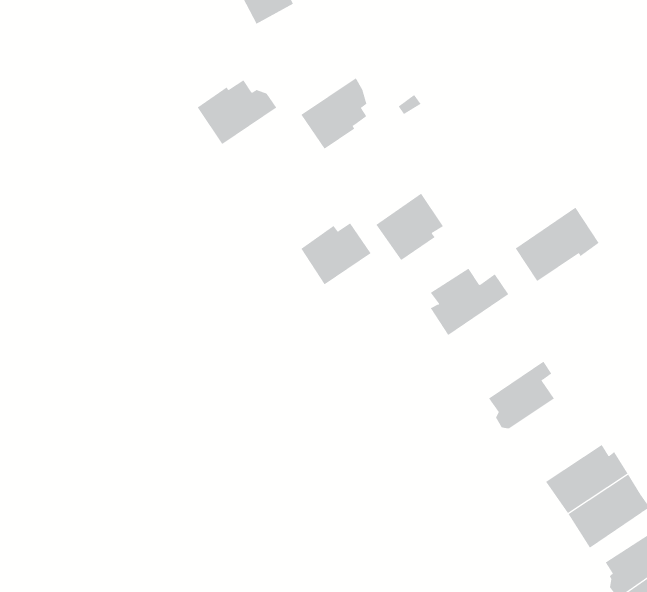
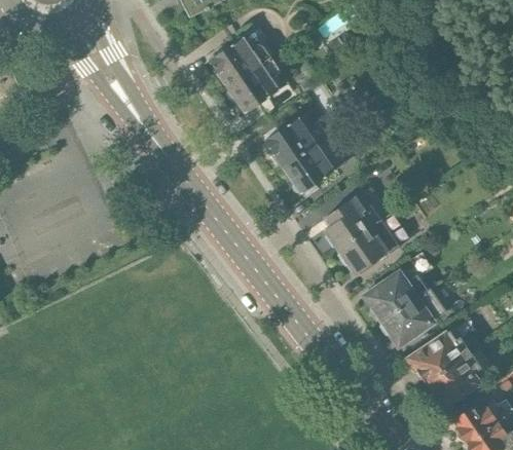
building: [197,80,277,145] -> [210,38,269,86]
building: [515,207,599,282] -> [337,219,400,274]
building: [301,223,371,285] -> [265,121,318,167]
building: none -> [382,284,450,342]

